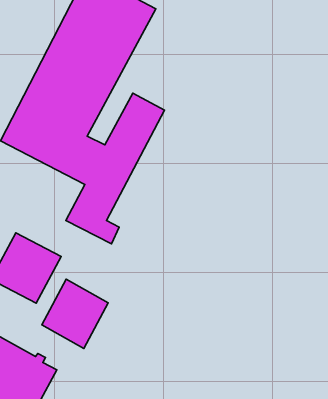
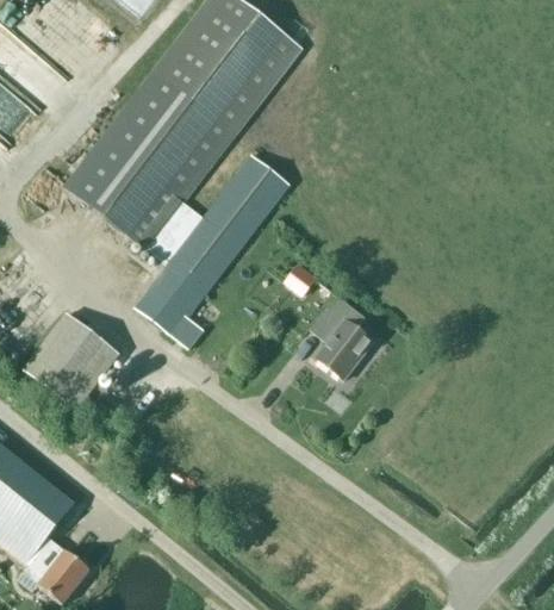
building: none -> [309,294,373,379]
building: [42,279,108,348] -> none

